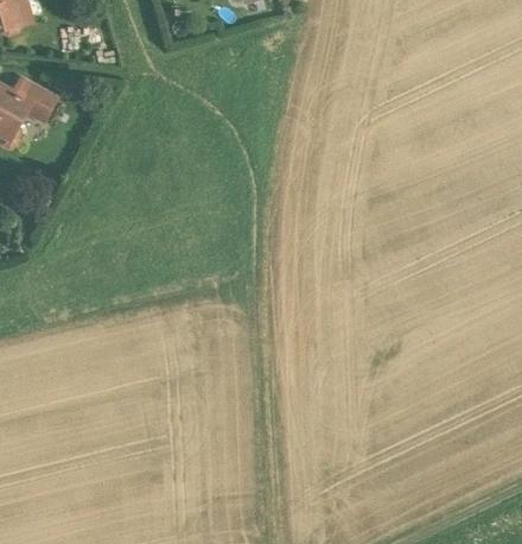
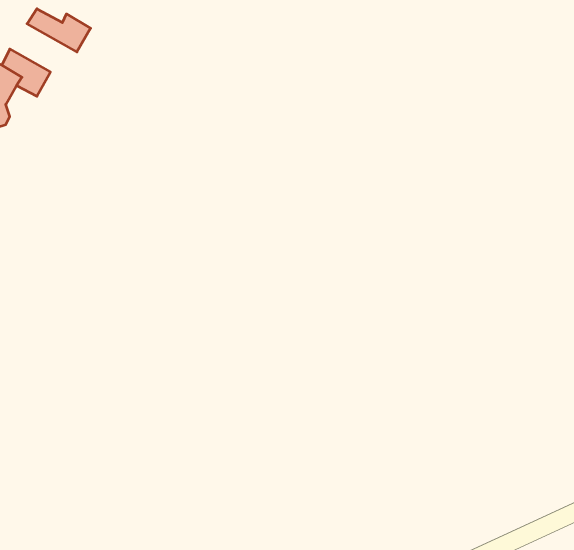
building: none -> [27,9,91,52]

